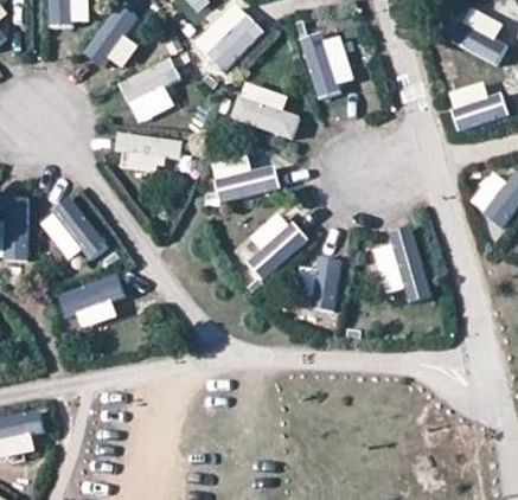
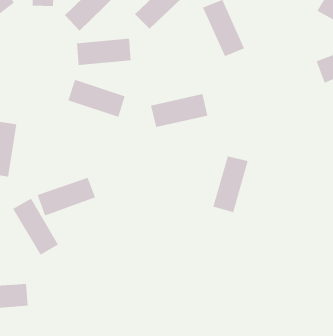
building: [234,81,314,142] -> none
building: [43,191,108,271] -> [12,198,59,256]
building: [237,205,313,277] -> none
building: [390,237,428,315] -> none

